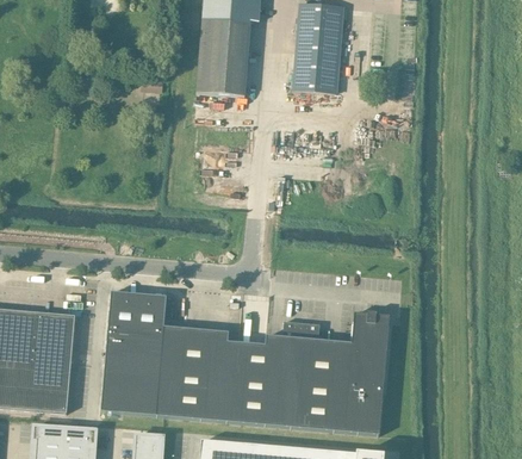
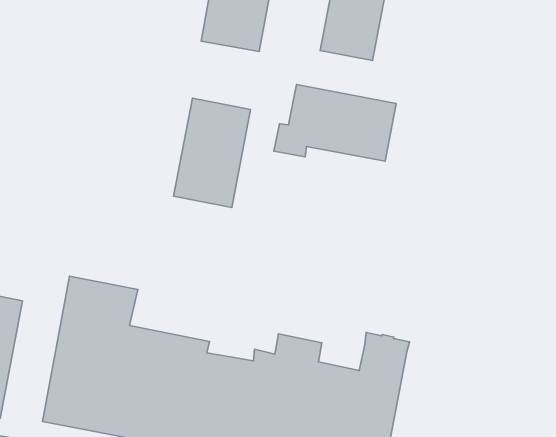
building: none -> [274,84,396,161]
building: none -> [173,98,251,207]

